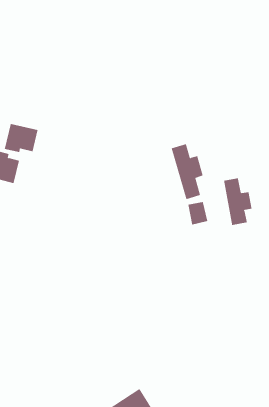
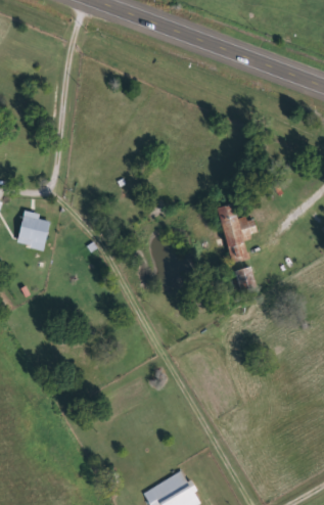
building: [4,123,38,153] -> none
building: [223,178,252,226] -> none

